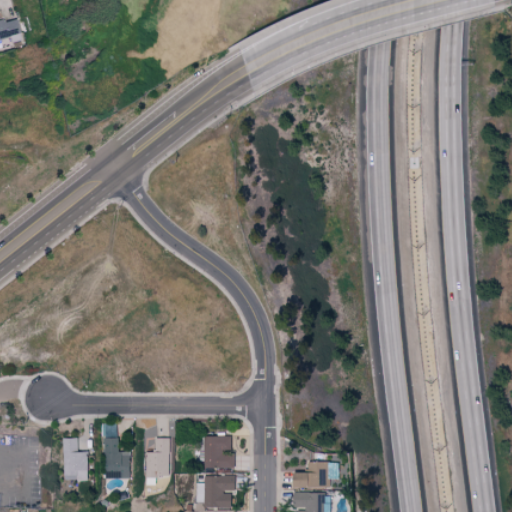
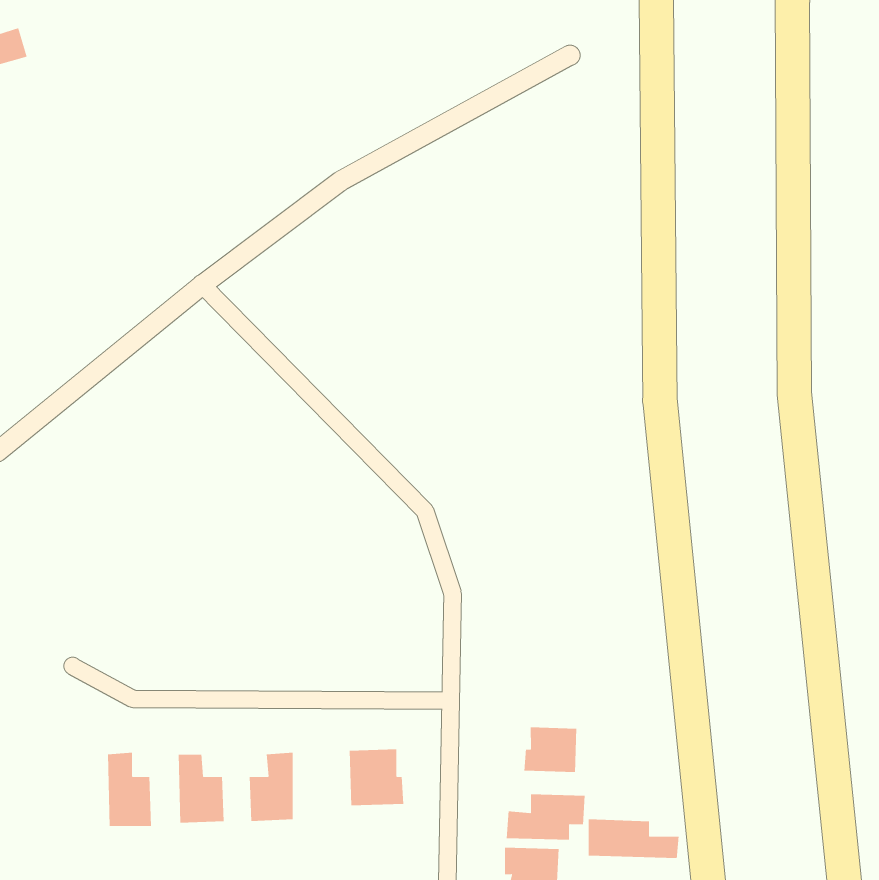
building: none -> [524,727,577,773]
building: [195,475,234,507] -> none
building: none -> [588,818,679,859]

